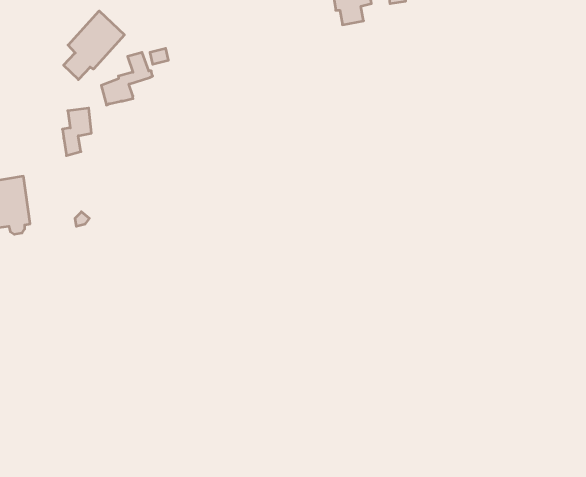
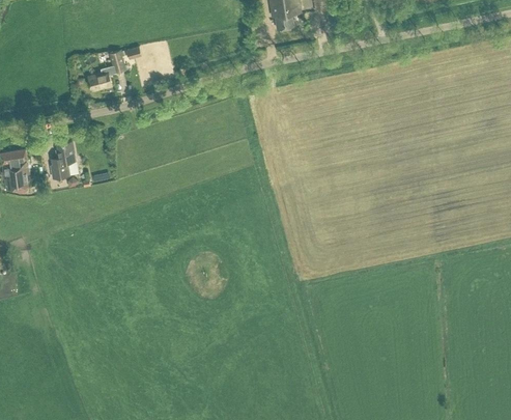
building: [64,11,124,80] -> none
building: [62,108,91,156] -> [51,141,74,178]

